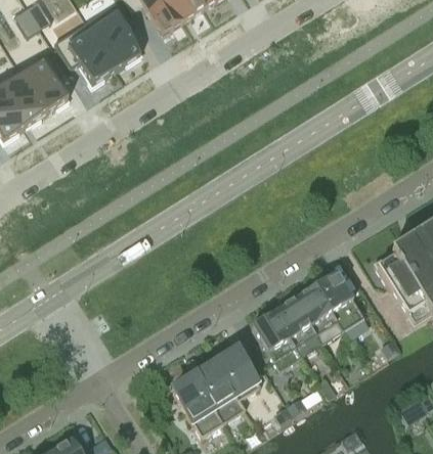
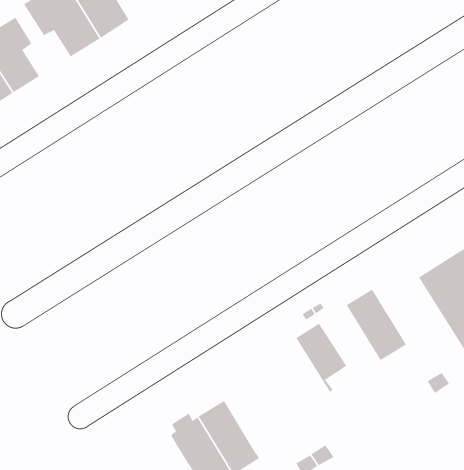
building: [294,283,343,342] -> none
building: [252,310,302,368] -> none
building: [217,348,261,398] -> none

